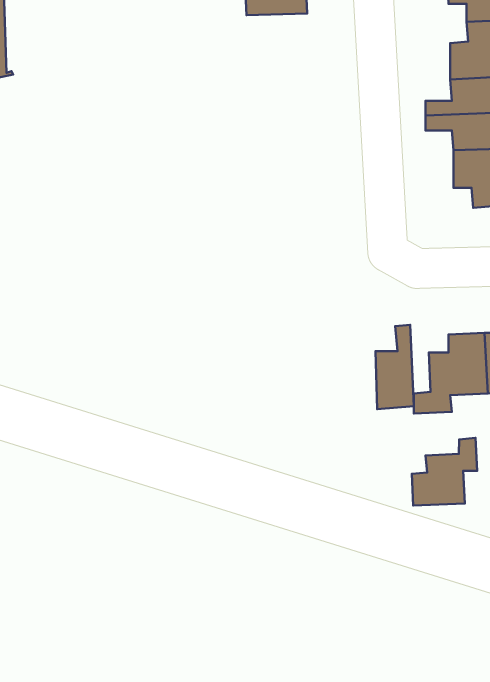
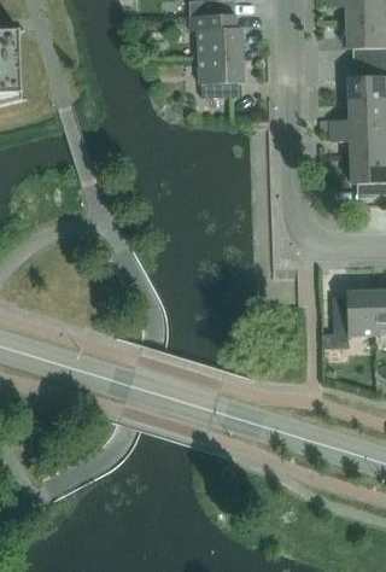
building: none -> [198,54,242,97]
building: [375,325,414,409] -> none
building: [412,438,477,505] -> none

